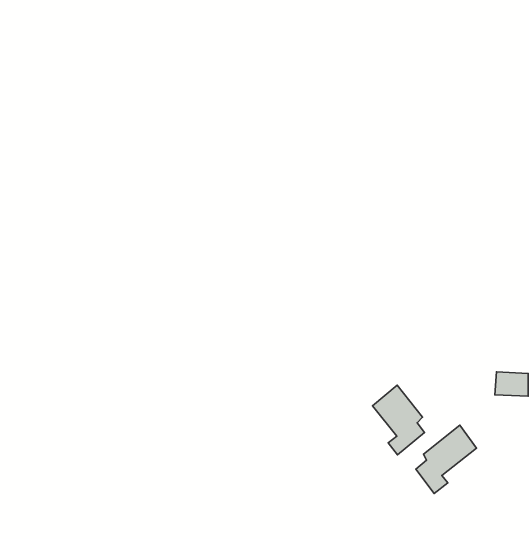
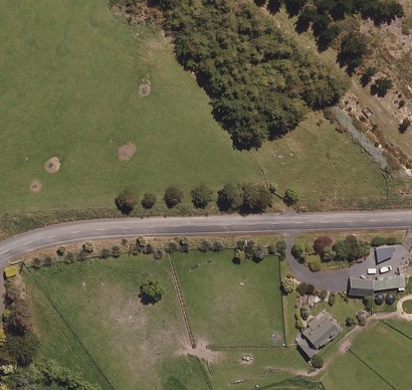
building: [373,385,424,455] -> none

